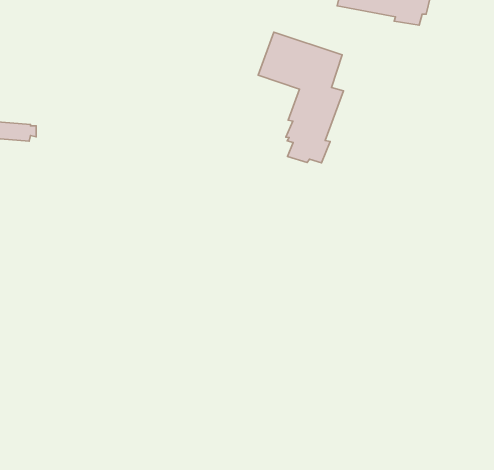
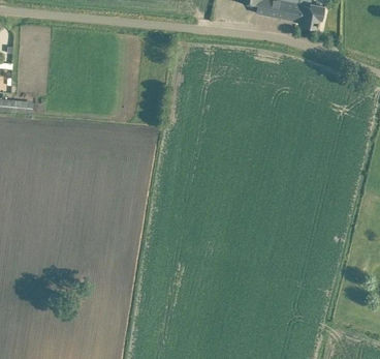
building: [258,32,344,163] -> none

